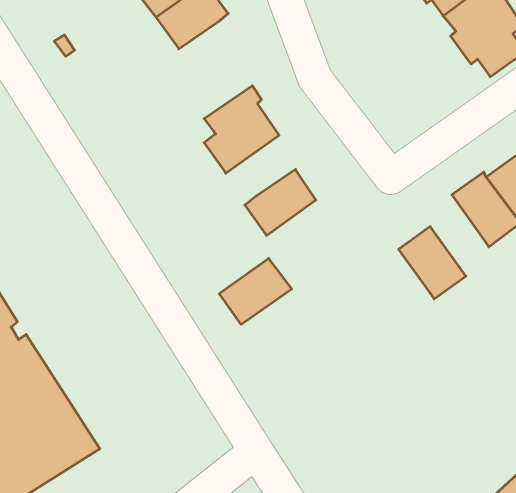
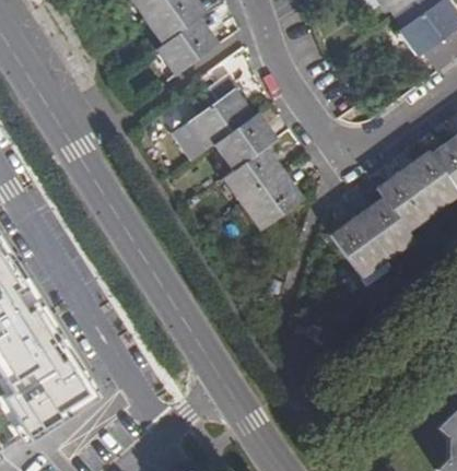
building: none -> [156,19,220,75]
building: none -> [213,114,273,170]
building: none -> [375,169,432,232]
building: none -> [328,216,385,279]
building: [219,258,292,324] -> [241,174,303,231]

